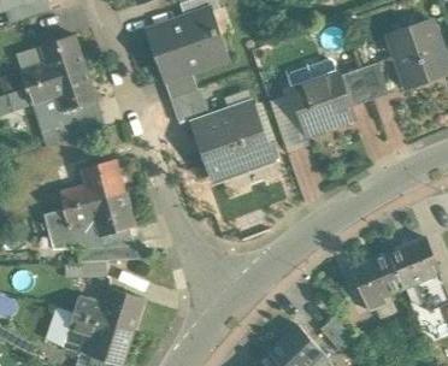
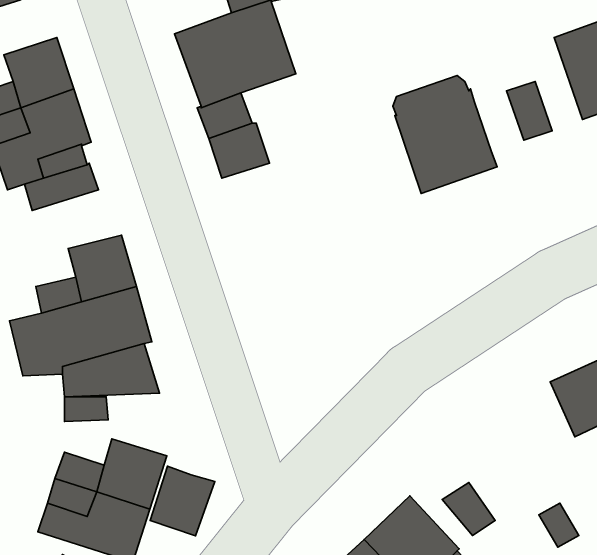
building: [338,67,370,106] -> none
building: [193,102,271,179] -> none
building: [352,252,402,308] -> none
building: none -> [150,466,215,536]

